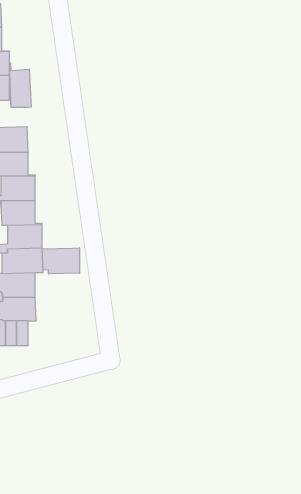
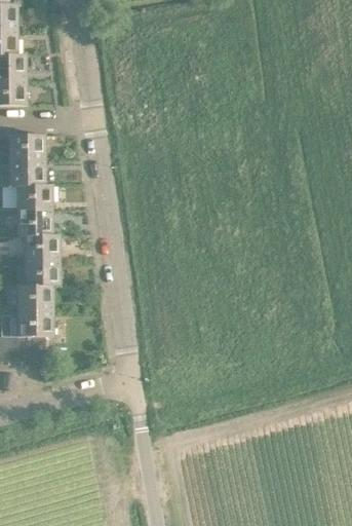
building: [10,63,31,107] -> none
building: [42,248,80,274] -> none

